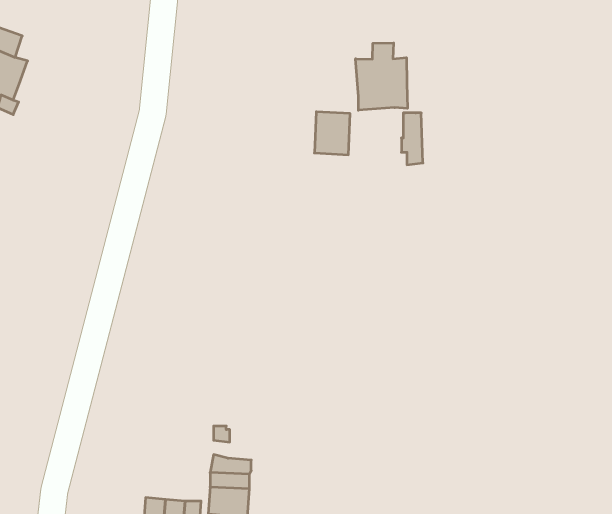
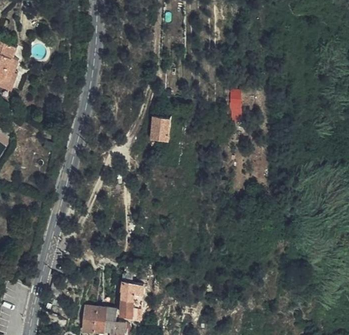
building: [356,43,407,110] -> none
building: [314,112,350,155] -> [150,116,170,140]

